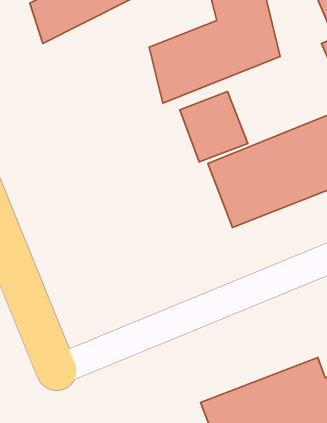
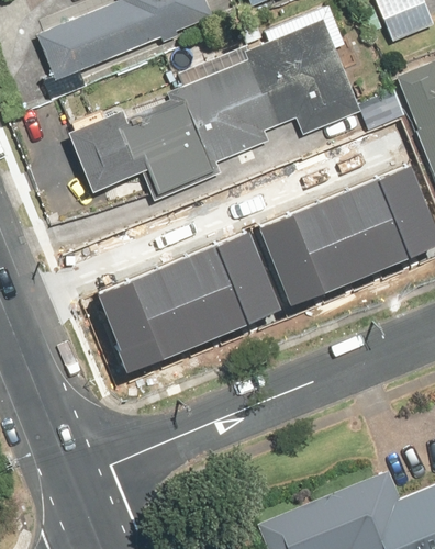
building: none -> [72,117,134,192]
building: [180,91,248,162] -> [124,101,205,186]
building: none -> [98,233,279,370]

